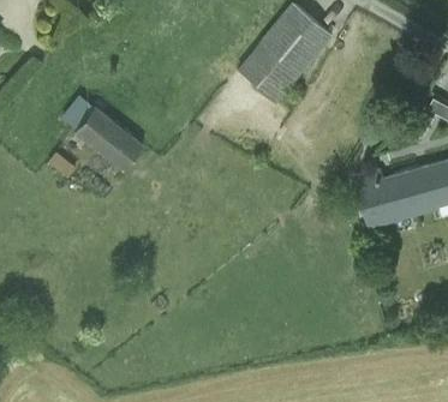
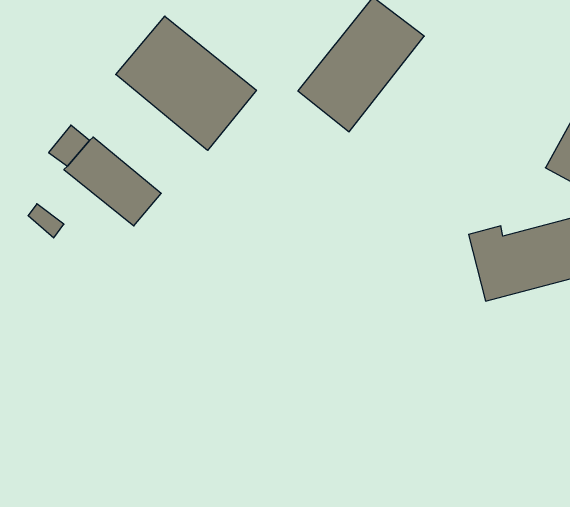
building: none -> [116,16,256,150]

